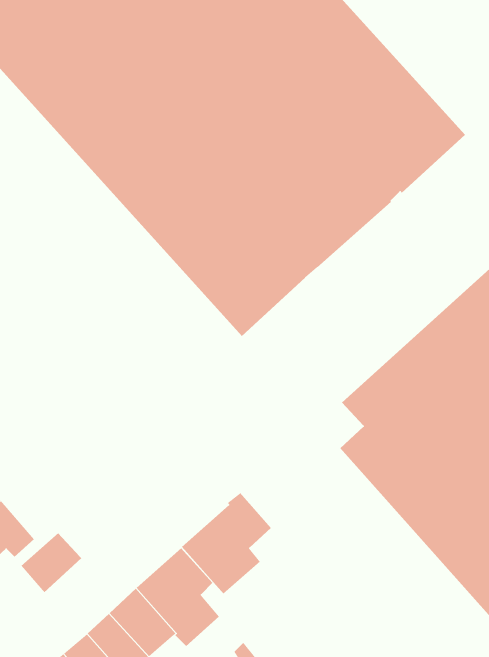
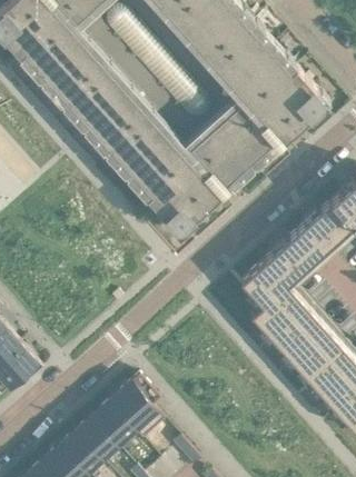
building: [181,492,272,594] -> none
building: [21,533,82,593] -> none

